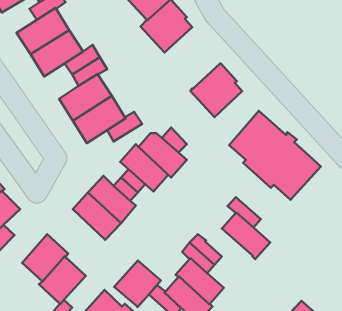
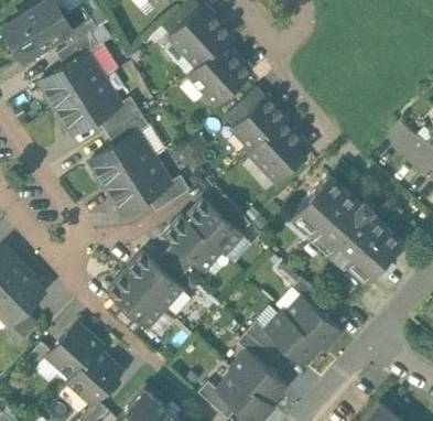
building: none -> [225,89,285,149]
building: none -> [264,312,321,366]
building: [114,260,161,307] -> none

